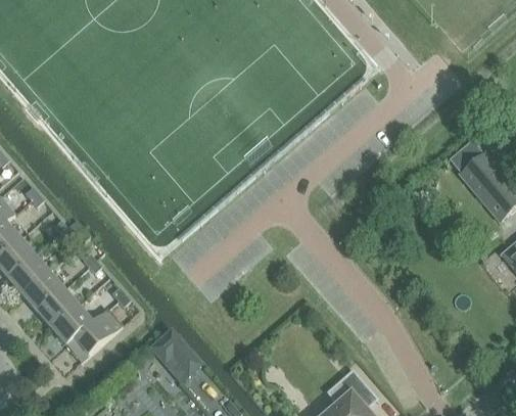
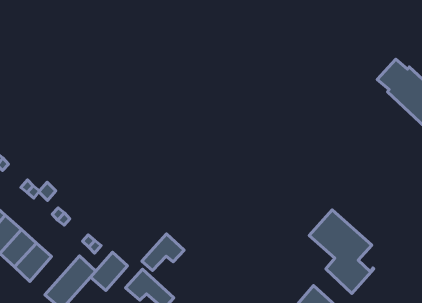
building: none -> [309,210,374,293]
building: none -> [142,234,184,271]
building: [52,305,93,344] -> [91,252,128,291]

